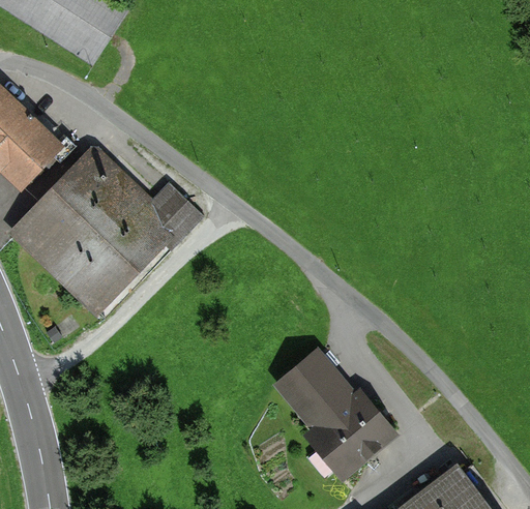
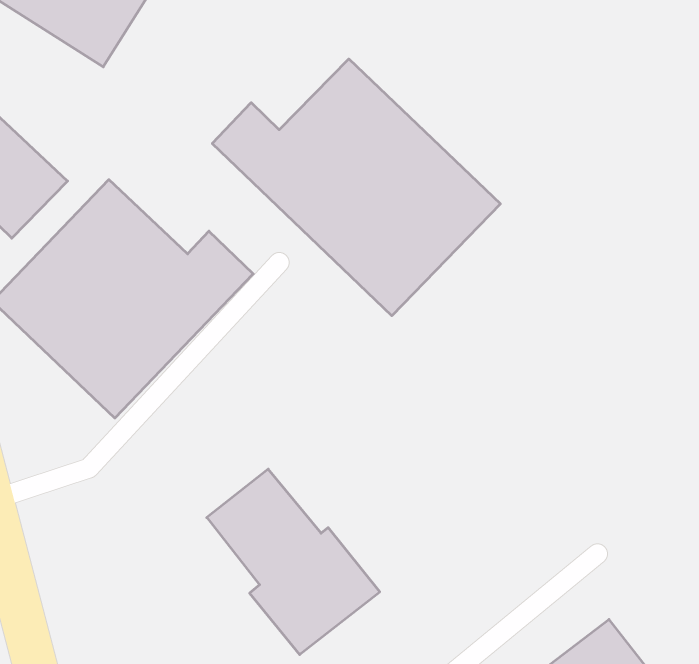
building: none -> [212,59,500,316]
building: [274,350,400,484] -> [207,469,380,655]

